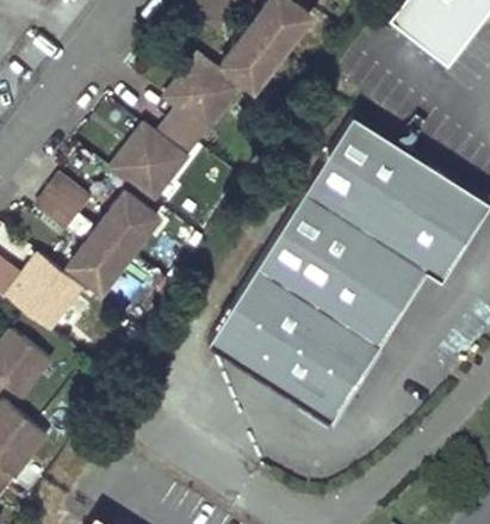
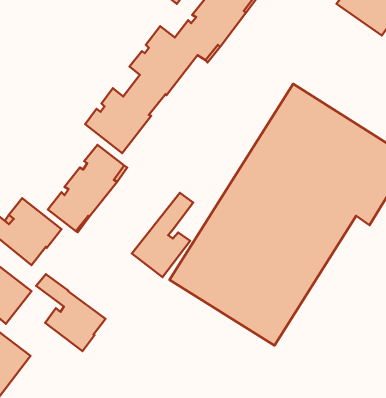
building: [38,174,87,223] -> none
building: none -> [132,193,193,277]
building: none -> [36,274,105,351]

